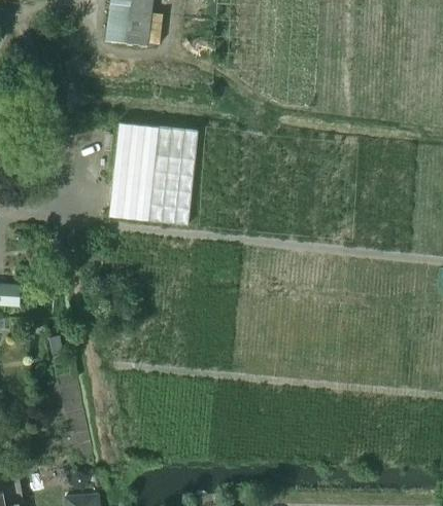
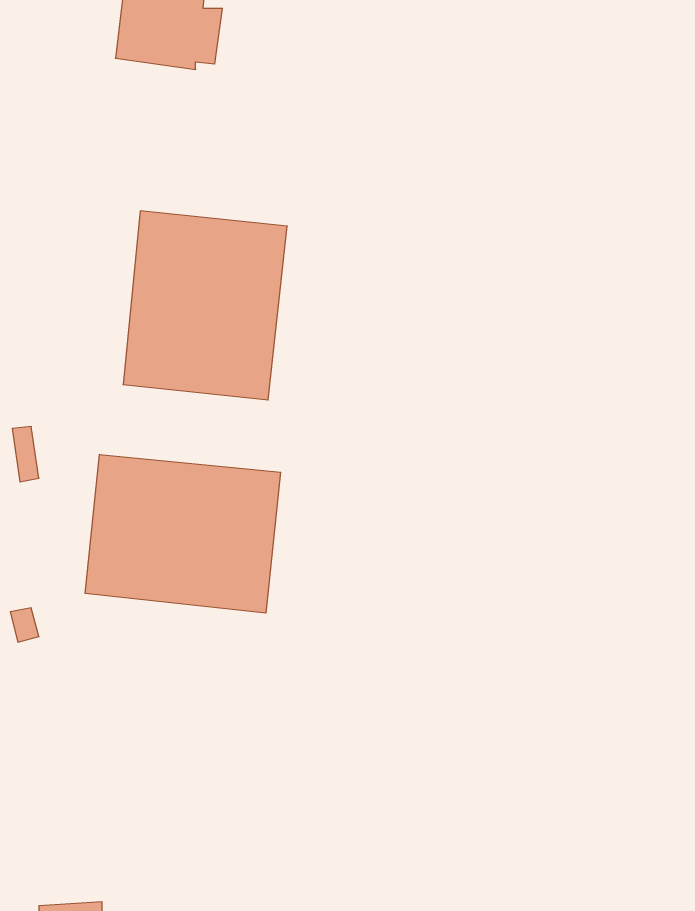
building: none -> [85,454,281,613]

